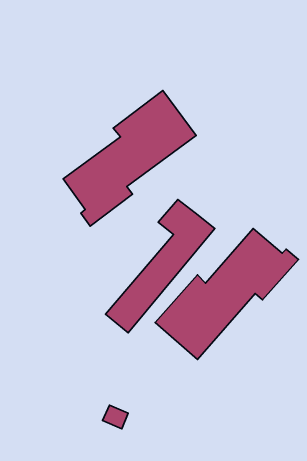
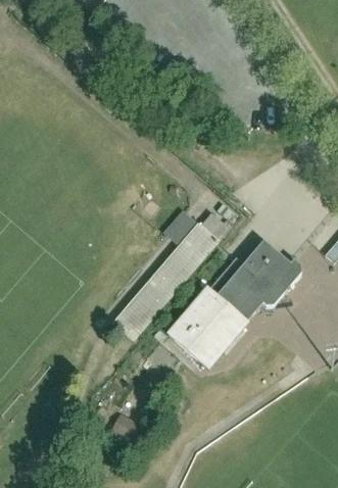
building: [63,91,196,226] -> none

